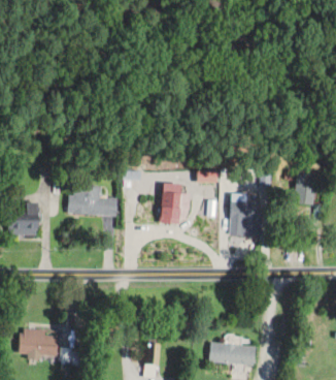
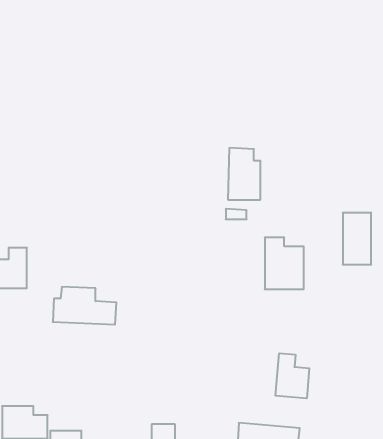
building: [161,183,187,224] -> [228,148,260,200]
building: [66,186,116,216] -> [53,287,116,325]
building: none -> [276,353,309,398]

